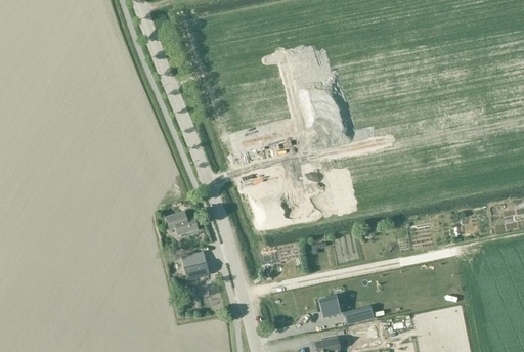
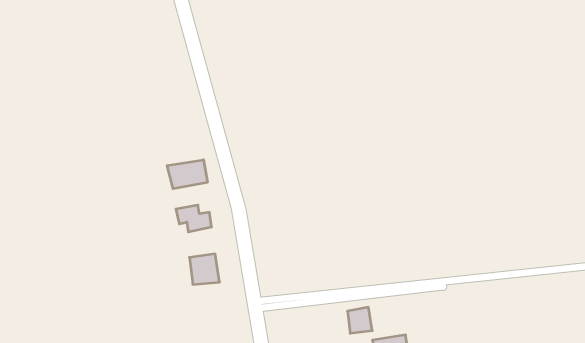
building: none -> [167,160,207,189]

